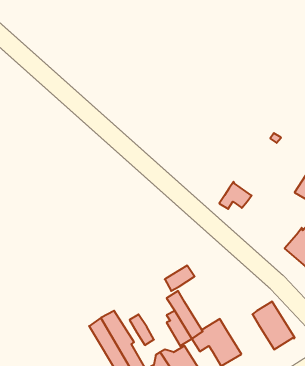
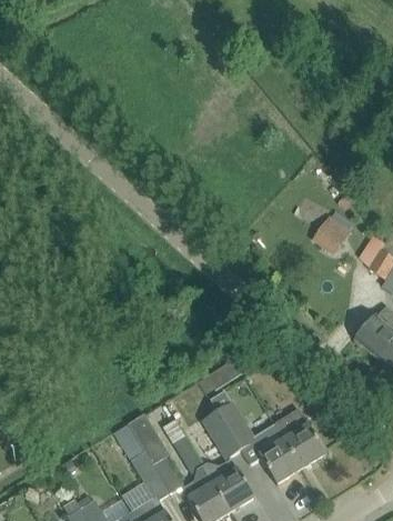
building: [219,182,252,209] -> [311,214,351,248]
building: [252,302,295,349] -> [274,410,326,469]

